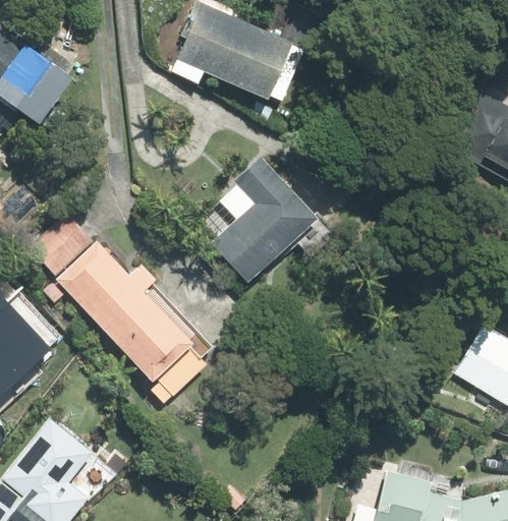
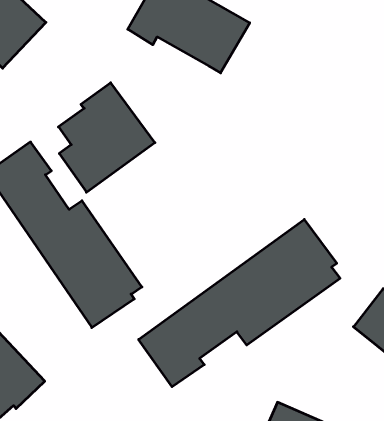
building: [209,159,318,283] -> [58,83,155,192]
building: none -> [139,219,340,387]

